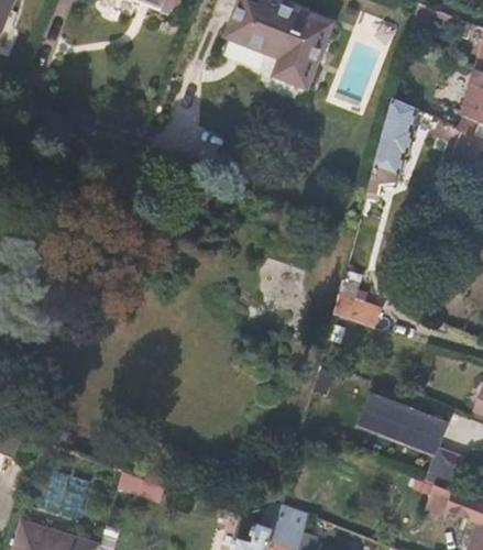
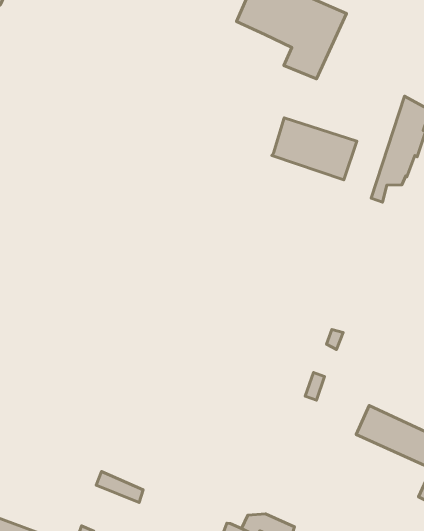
building: none -> [272,118,357,180]
building: [333,272,381,329] -> none

